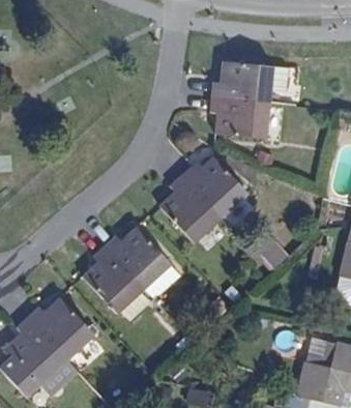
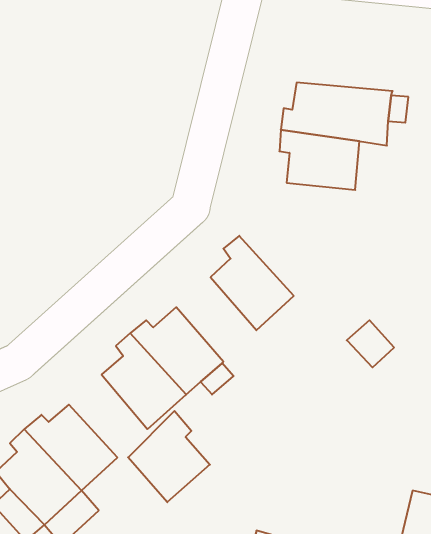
building: [180,155,246,217] -> none
building: none -> [128,411,210,502]

